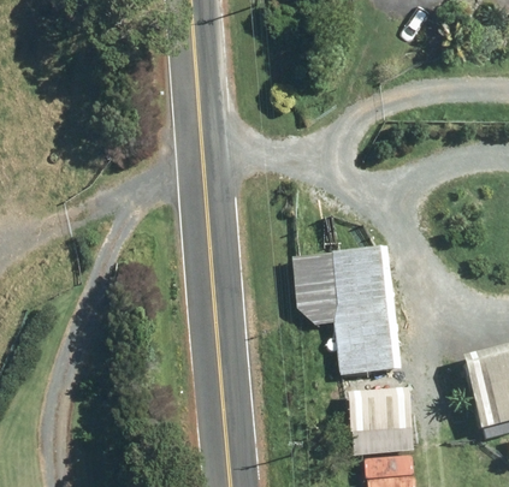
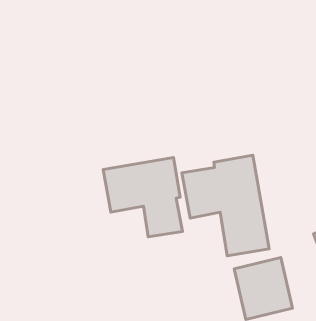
building: none -> [103,157,182,237]

